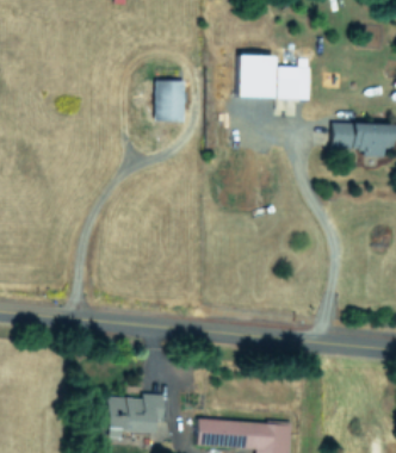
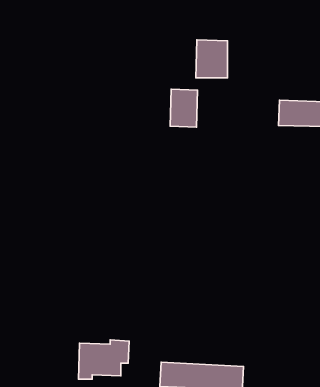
building: [277,67,310,99] -> none
building: [154,80,185,123] -> [170,89,197,127]

